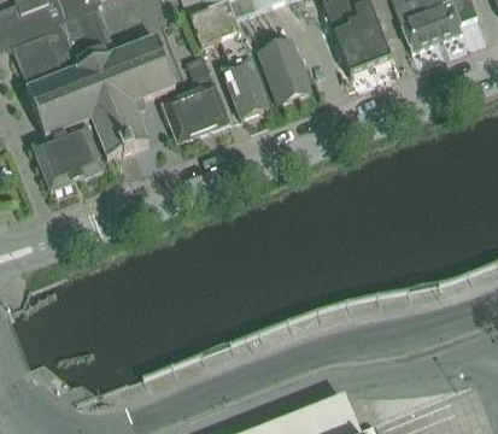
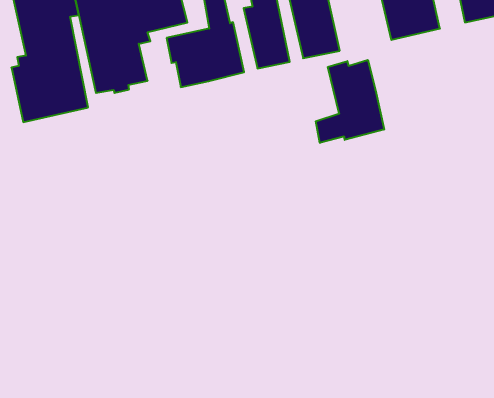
building: none -> [316,60,384,143]

